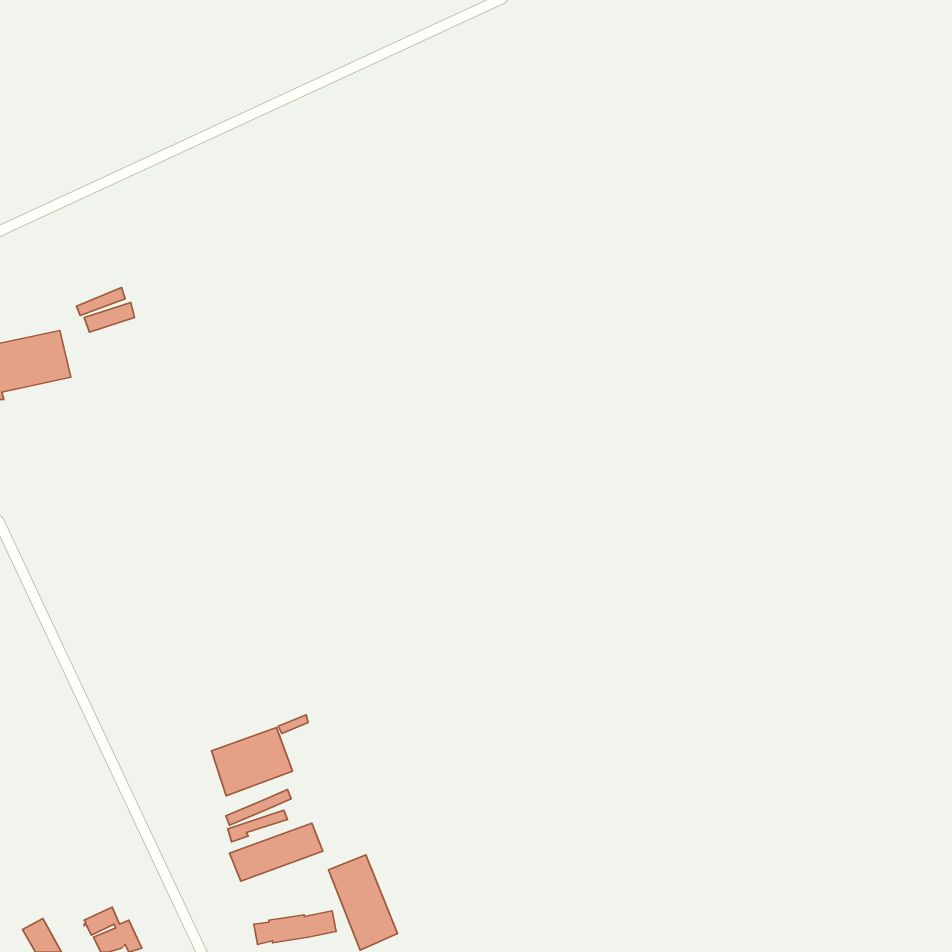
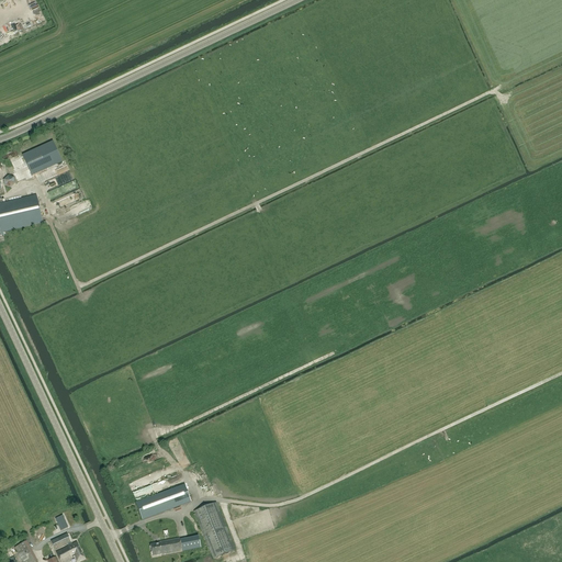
building: none -> [24,143,64,177]
building: [211,727,293,796] -> none

